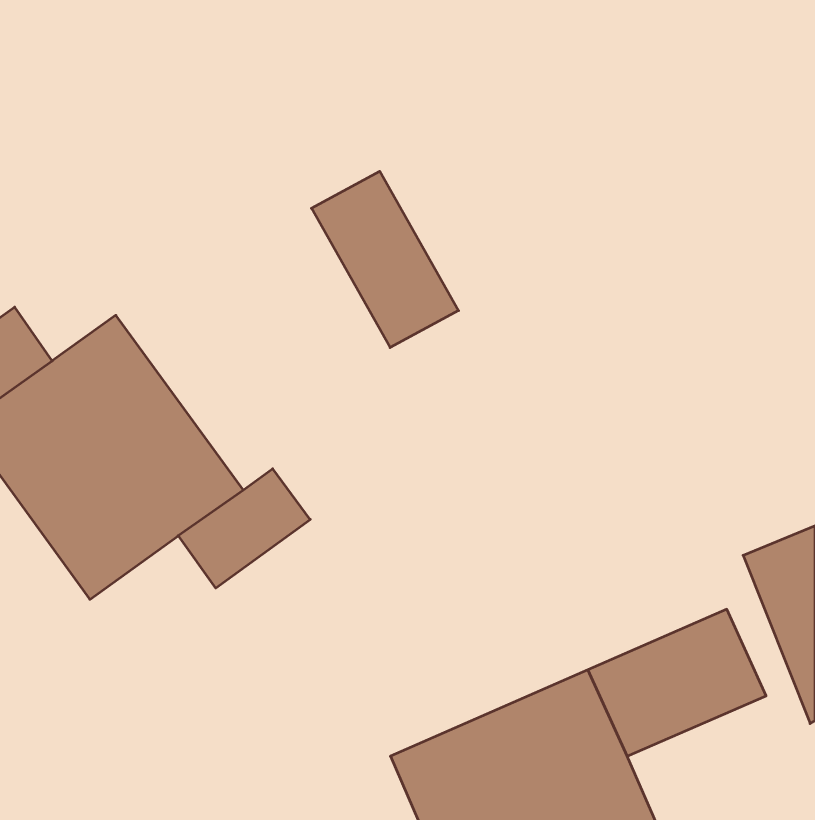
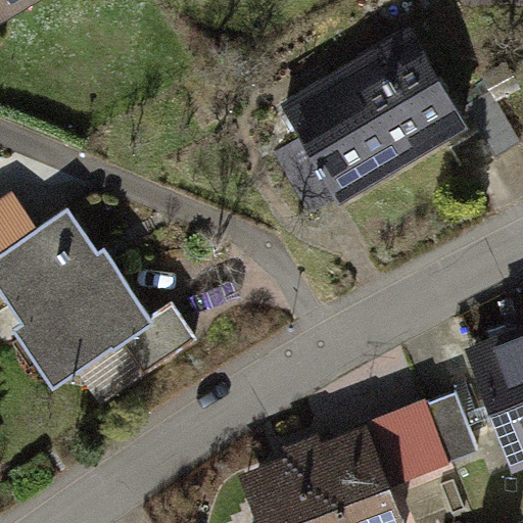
building: none -> [287,43,456,200]
building: [311,171,459,348] -> none

